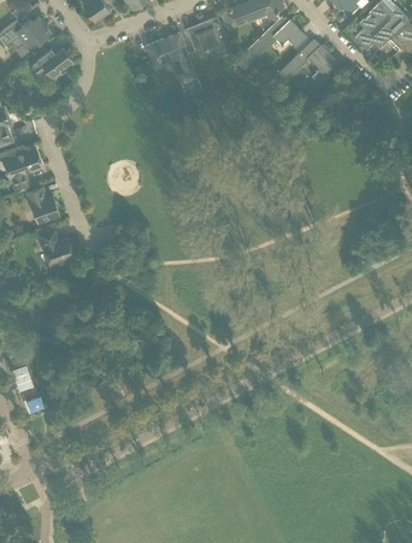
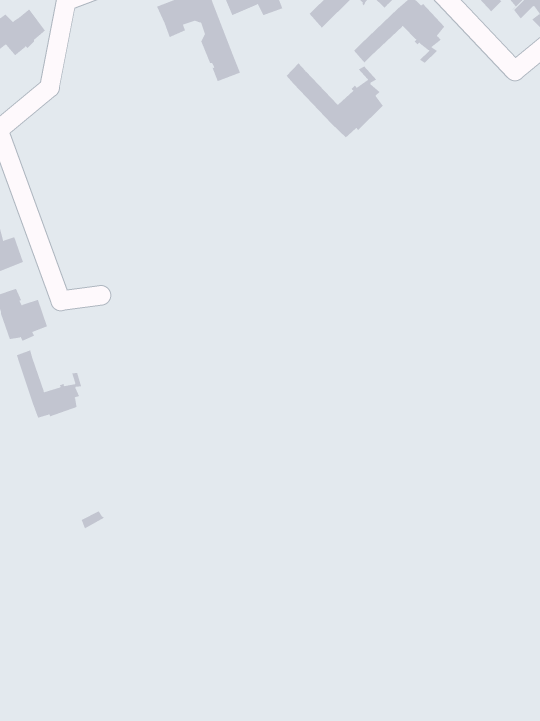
building: none -> [286,63,384,138]
building: none -> [16,349,82,418]

